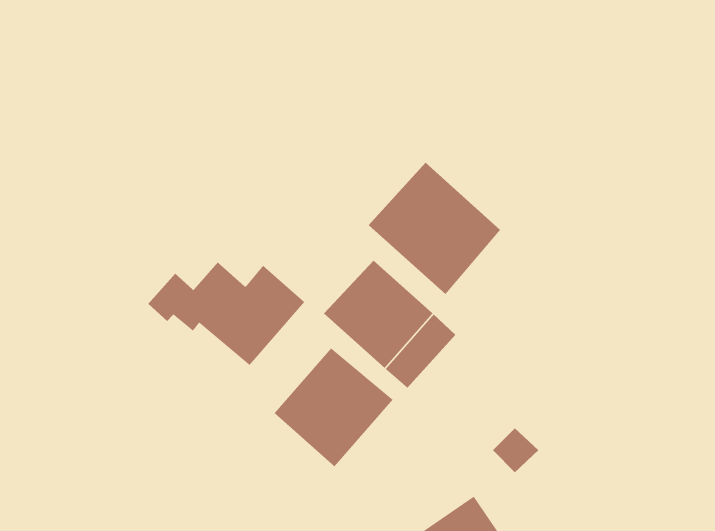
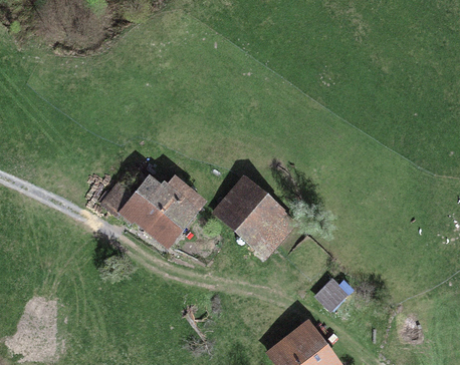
building: [368,162,501,295] -> none
building: [274,348,394,467] -> none

